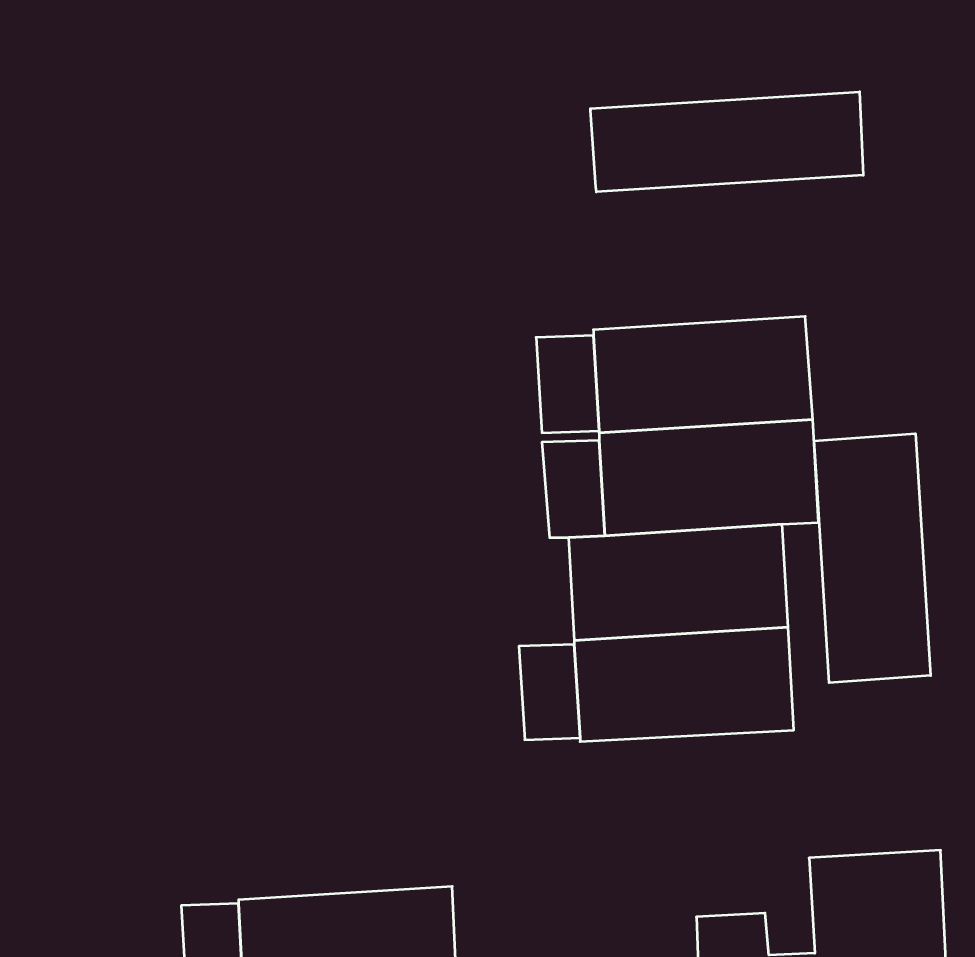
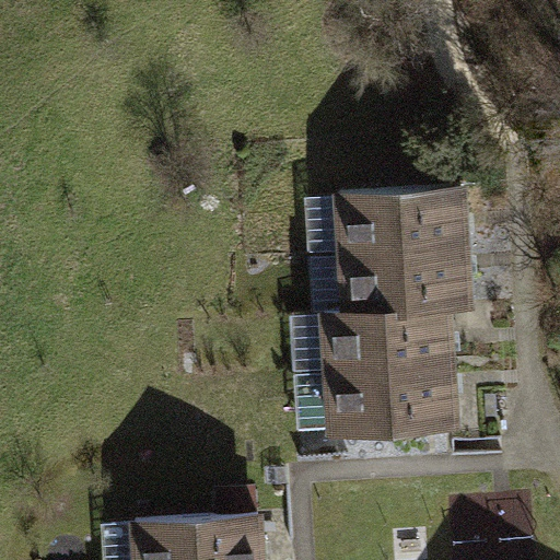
building: [590,92,863,192] -> none
building: [814,434,931,683] -> none

